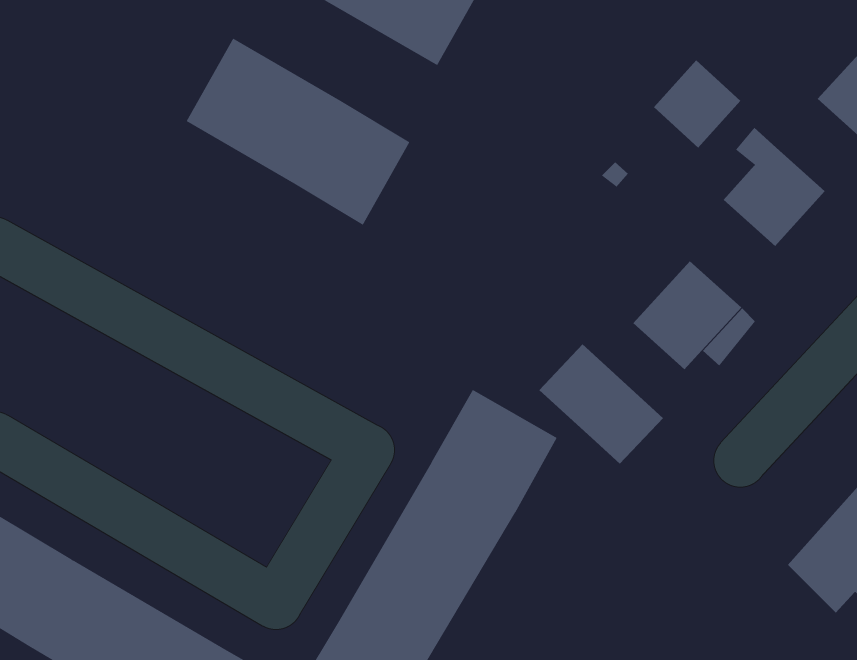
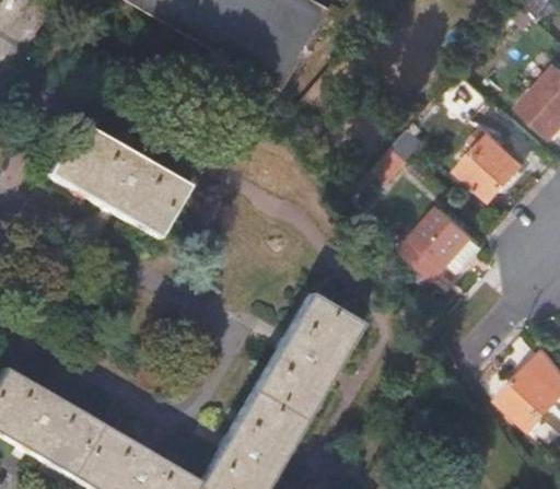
building: [186,38,410,226] -> [47,116,188,234]
building: [653,60,741,148] -> none
building: [539,344,664,465] -> none

